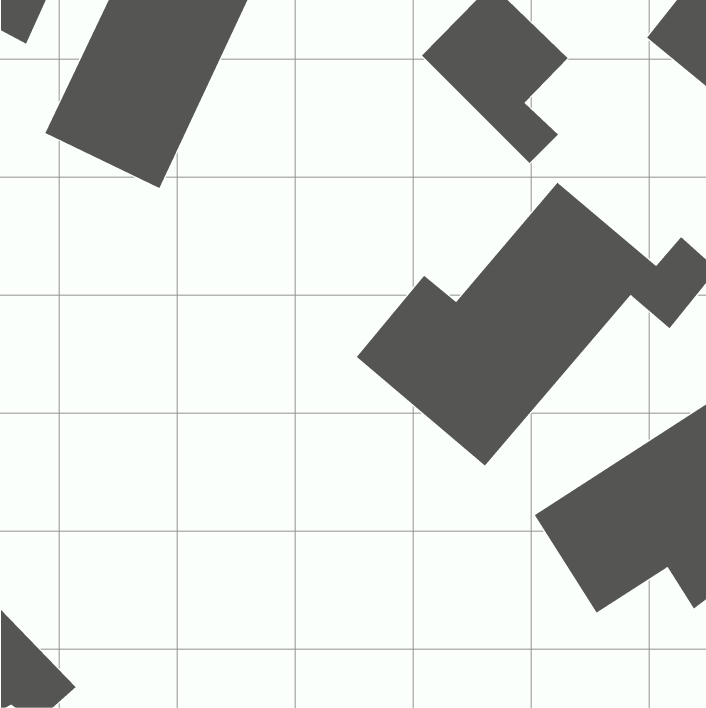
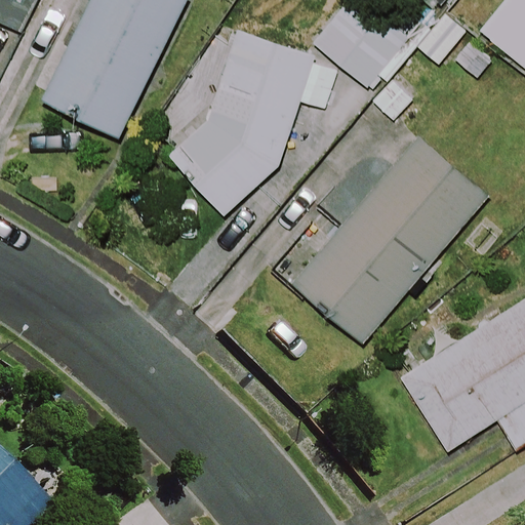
building: none -> [168,29,339,213]

